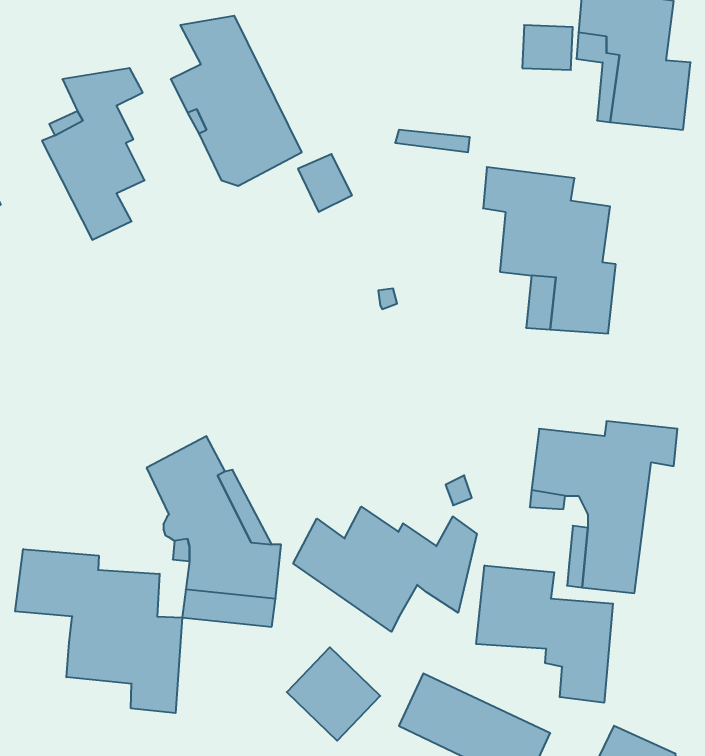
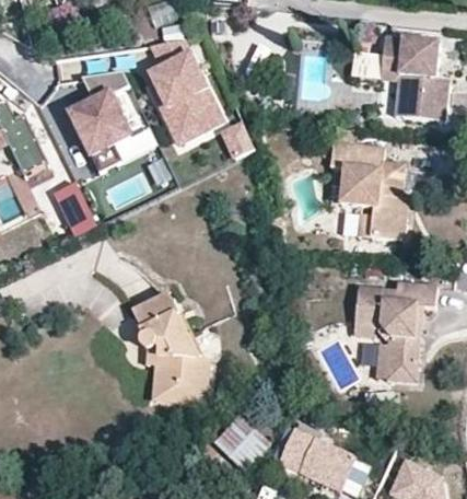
building: none -> [54,183,96,236]
building: [293,507,477,632] -> none
building: [15,549,182,713] -> none
building: [476,565,613,703] -> none

